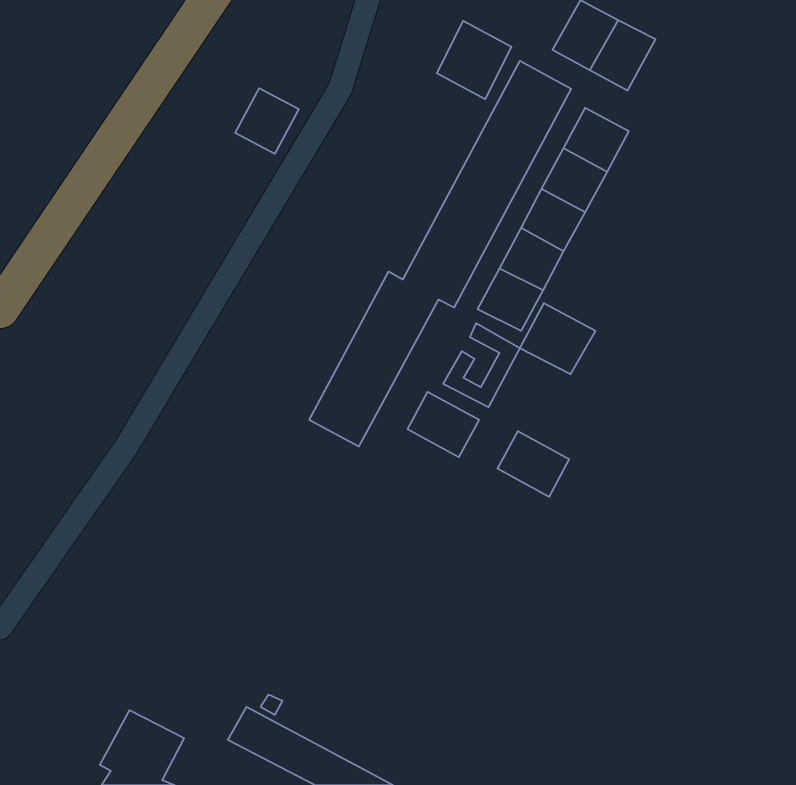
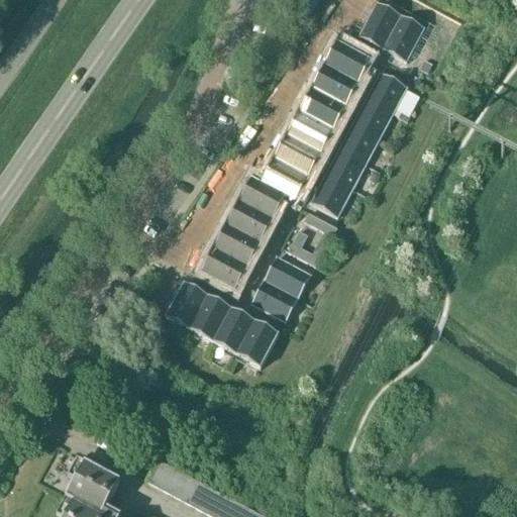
building: [437,21,512,99] -> none
building: [235,88,299,154] -> none
building: [520,303,596,374] -> none
building: [498,431,569,497] -> [251,278,298,320]
building: none -> [165,281,279,365]

